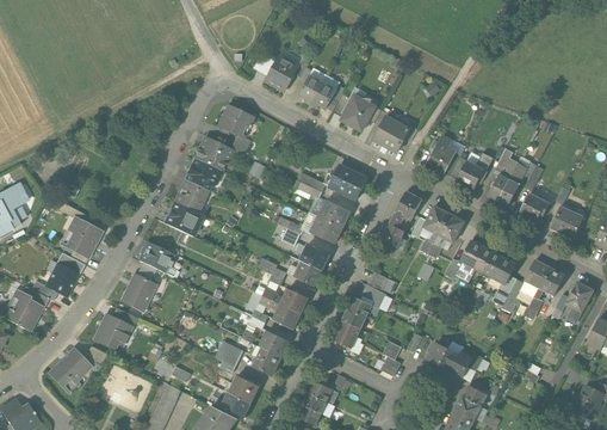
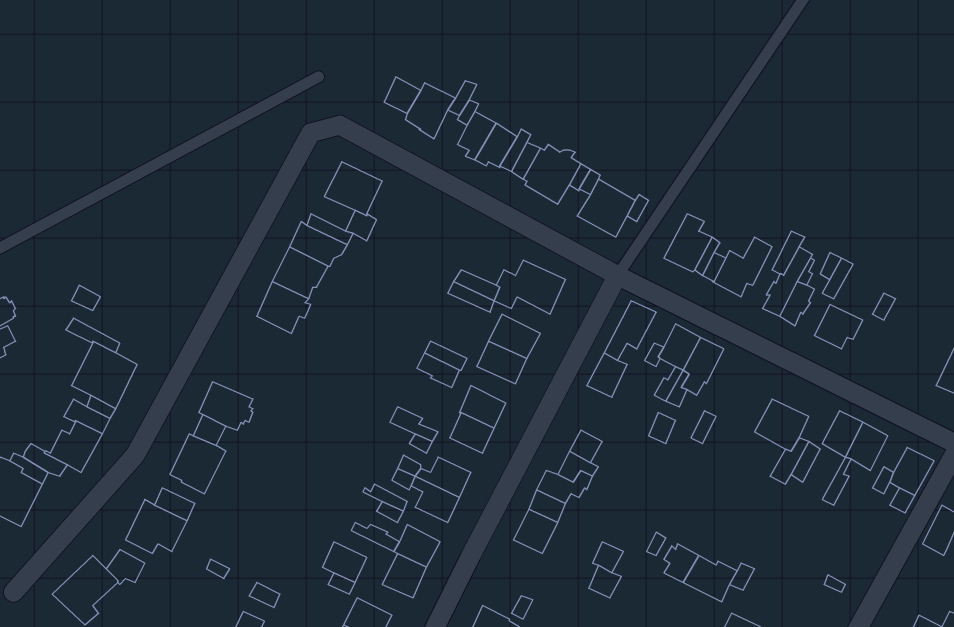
building: [165,201,203,235] -> none
building: [550,205,584,239] -> none
building: [460,240,494,272] -> none

